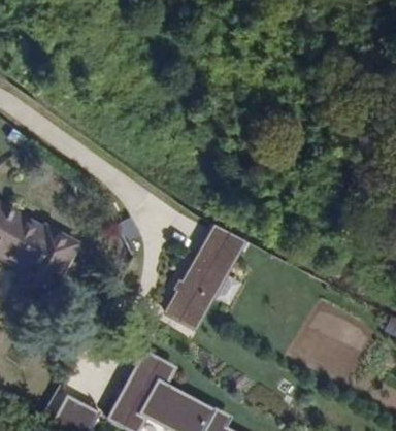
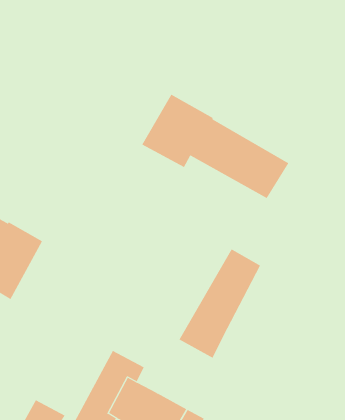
building: none -> [141,94,289,199]
building: [163,223,242,329] -> [179,249,261,359]

